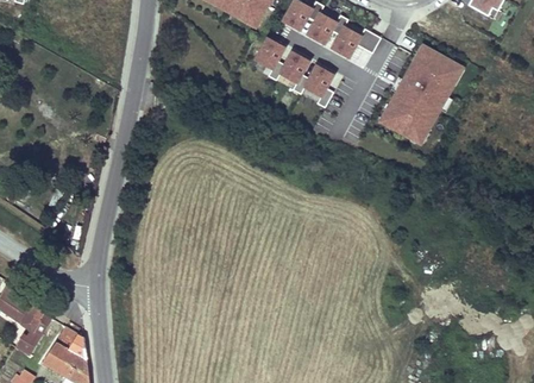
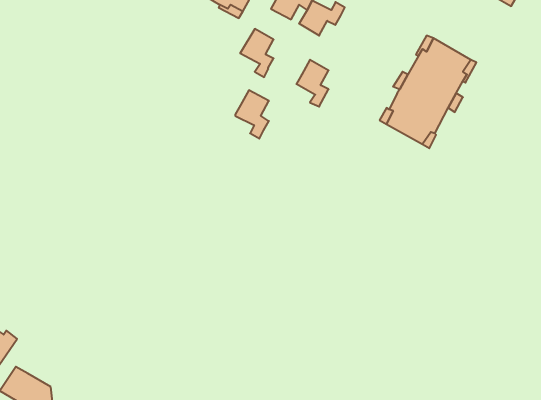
building: [331,27,379,58] -> none
building: [278,52,308,95] -> [235,90,269,139]
building: [55,324,86,357] -> none

